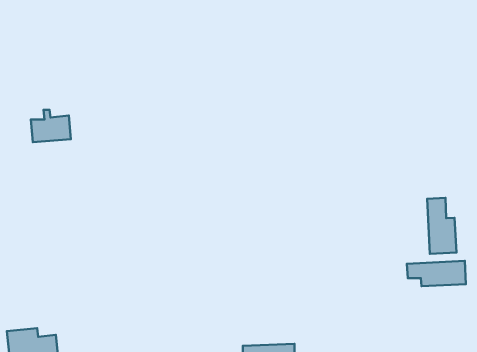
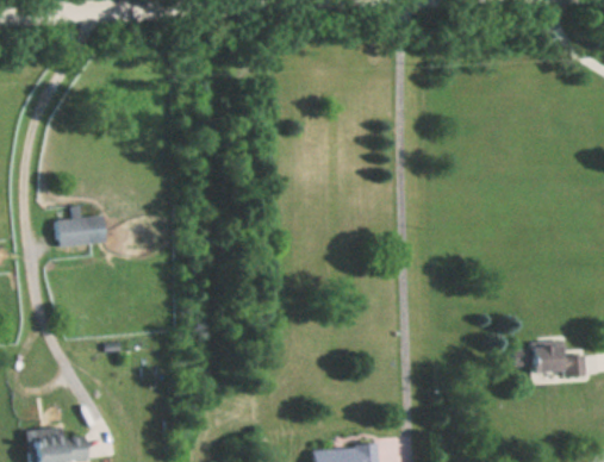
building: [31,110,71,142] -> [58,207,107,246]
building: [427,198,456,254] -> none

